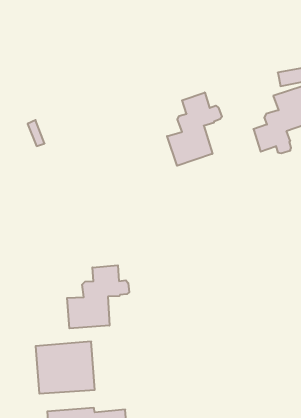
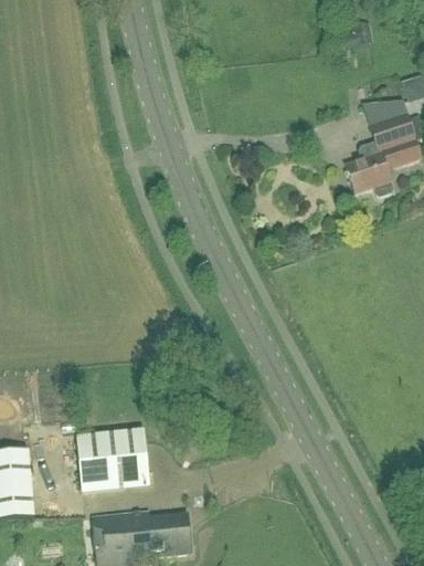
building: [167,92,222,166] -> none
building: [67,265,129,328] -> none

